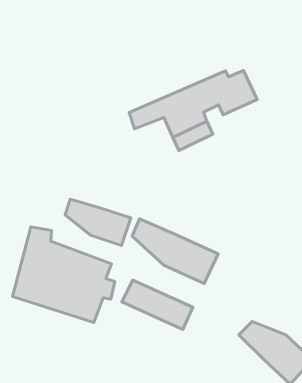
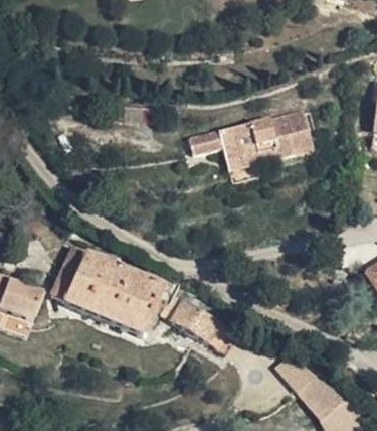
building: [65,199,131,245] -> none
building: [132,219,218,283] -> none

